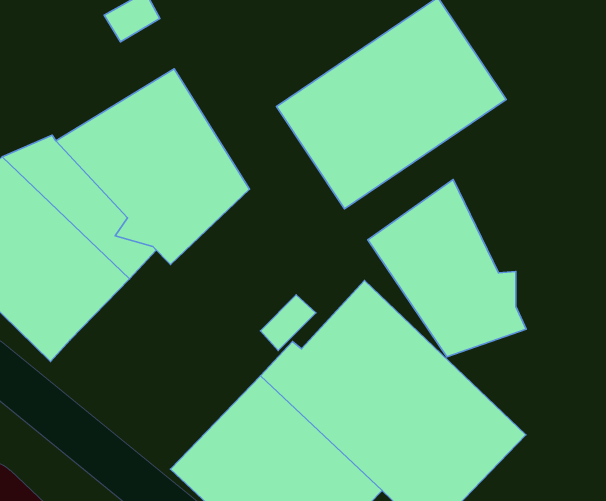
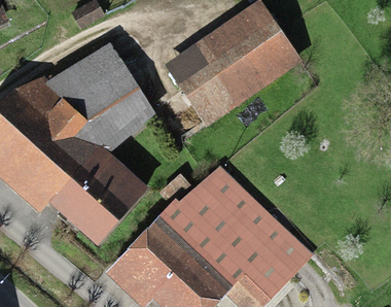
building: [368,179,526,357] -> none
building: none -> [49,147,146,244]

